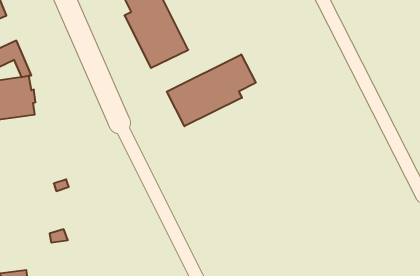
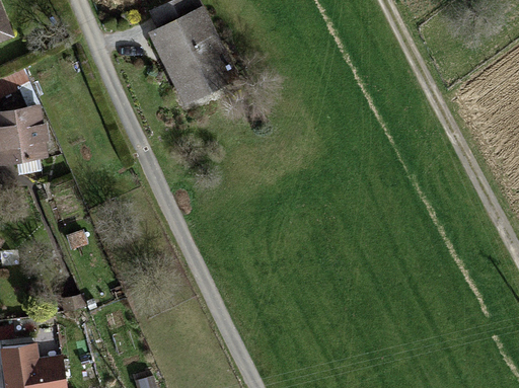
building: [167,54,256,126] -> none

